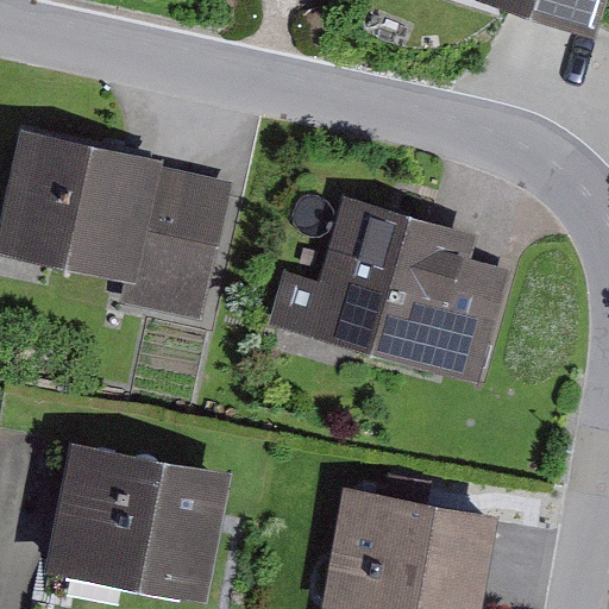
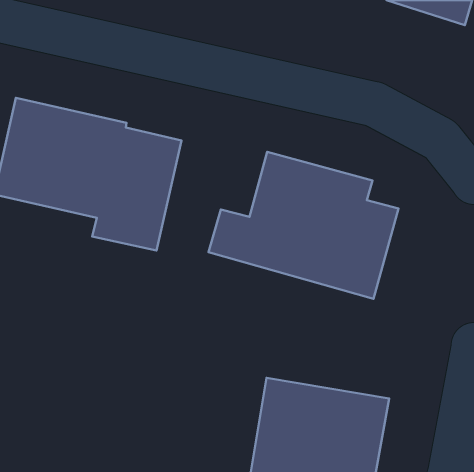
building: [43,440,231,602] -> none

